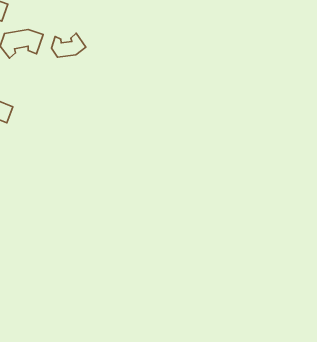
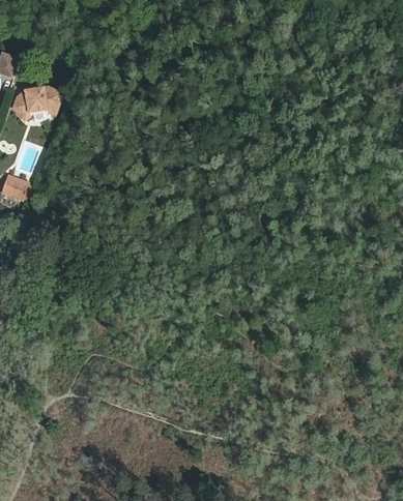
building: [51,33,86,57] -> none

